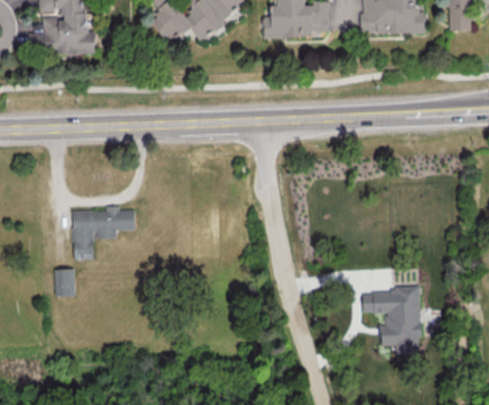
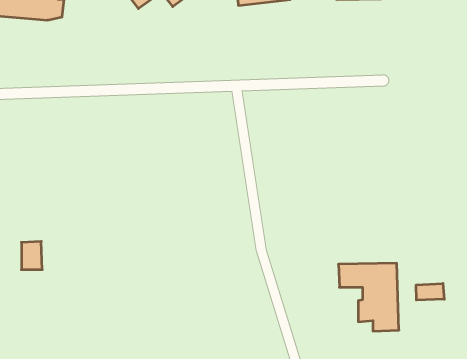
building: [72,206,134,260] -> none
building: none -> [416,283,444,300]

